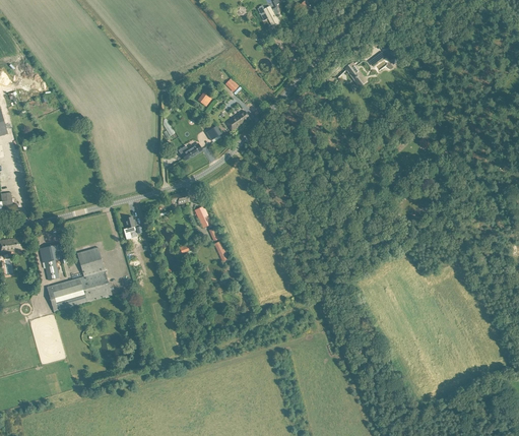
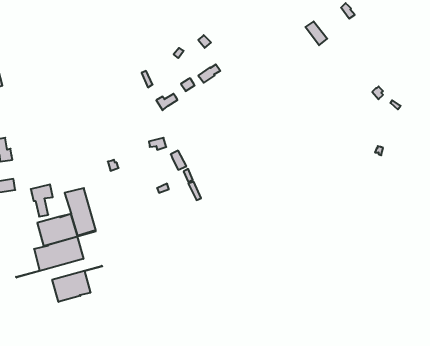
building: none -> [16,236,83,278]
building: none -> [52,266,102,302]

